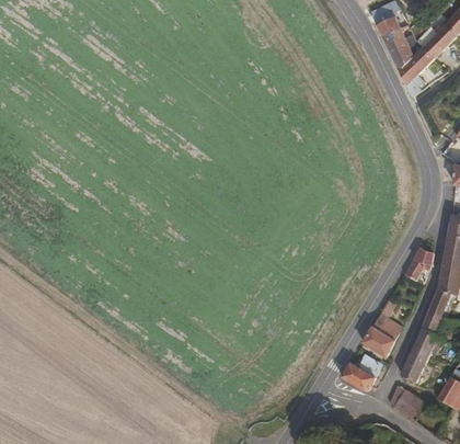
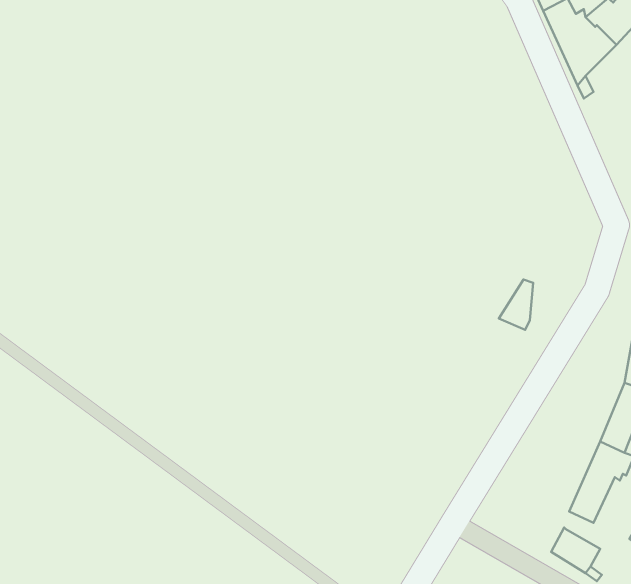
building: [404,249,427,283] -> [499,280,533,330]
building: [363,314,402,358] -> none
building: [343,357,380,390] -> none

